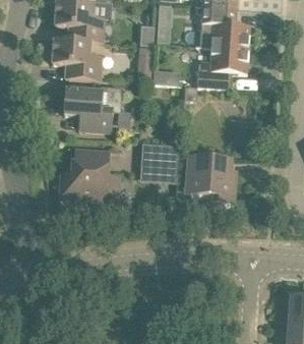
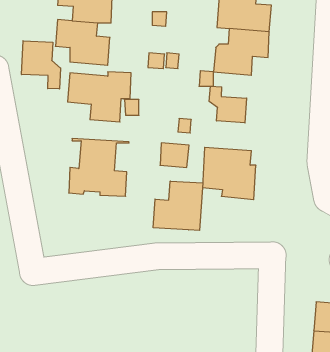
building: none -> [22,41,61,89]
building: none -> [209,86,247,123]
building: none -> [153,181,203,230]

